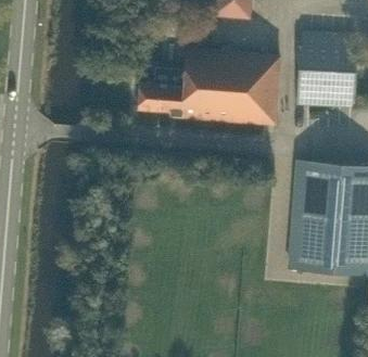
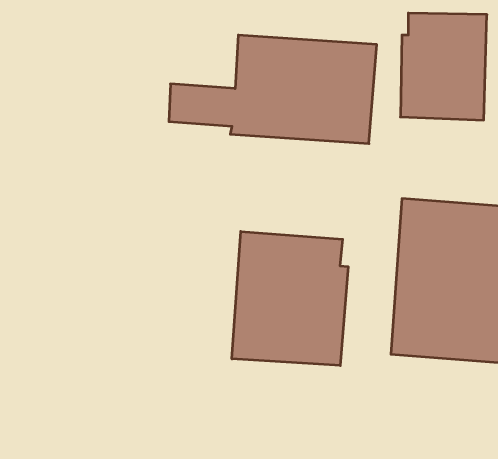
building: none -> [232,231,348,366]

